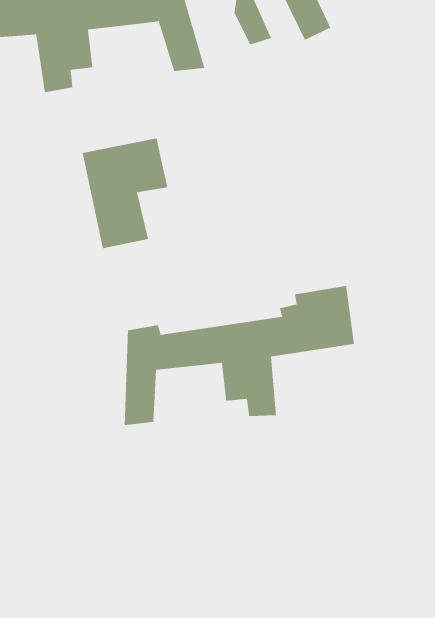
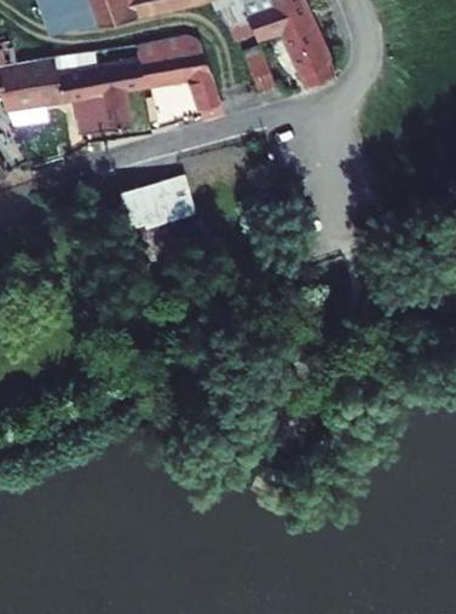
building: [124,285,354,426] -> none

